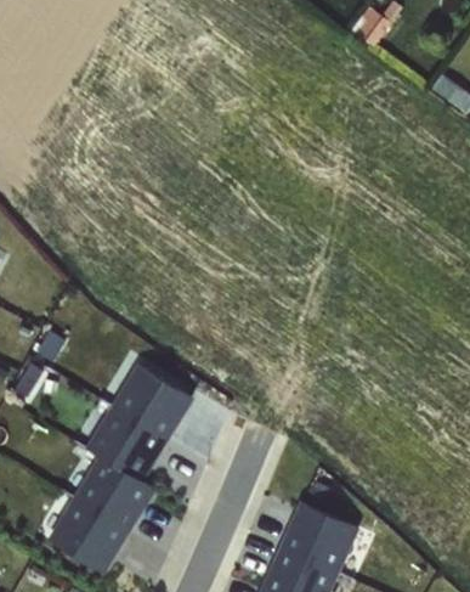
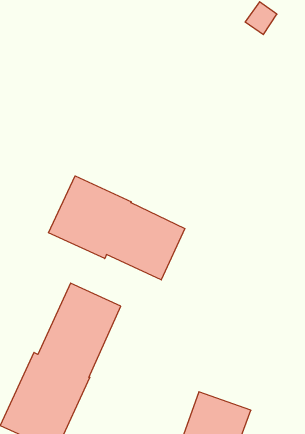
building: none -> [48,176,185,280]

